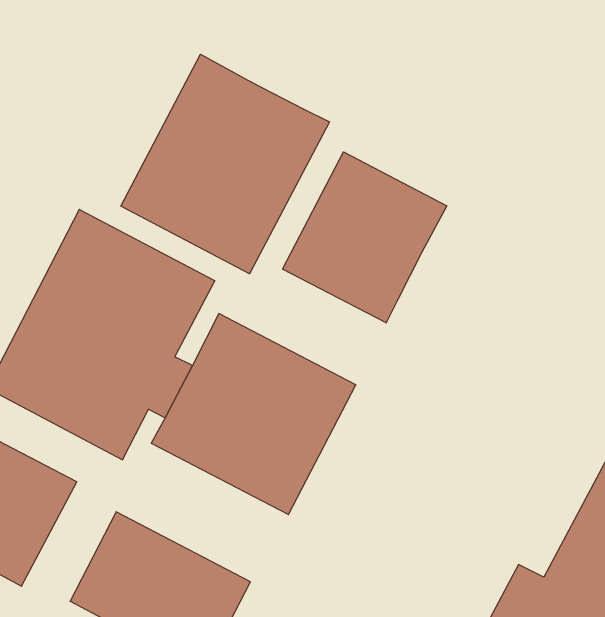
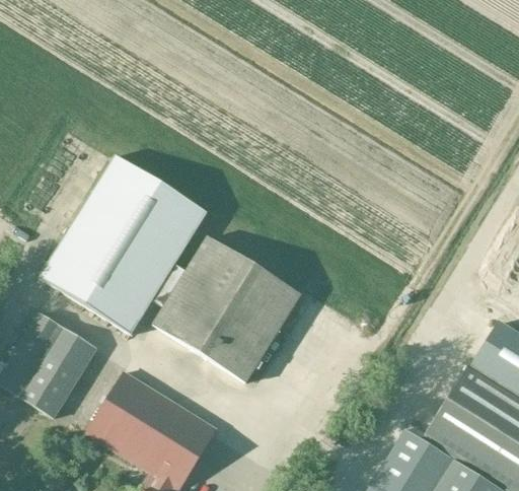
building: [121,54,329,274] -> none
building: [283,152,447,323] -> none

